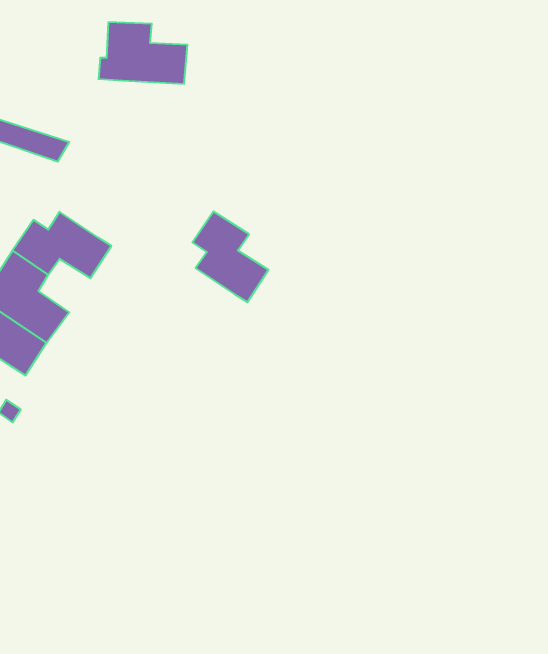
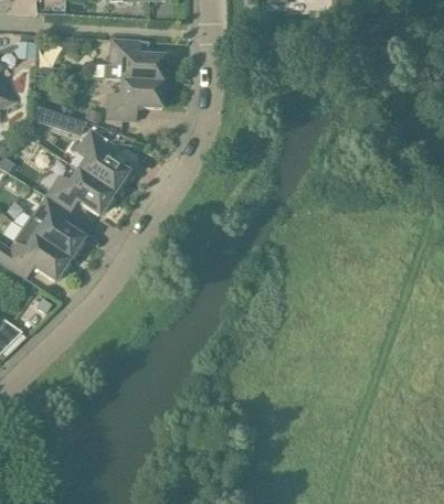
building: none -> [107,79,163,120]
building: [192,212,269,302] -> [76,130,128,192]

